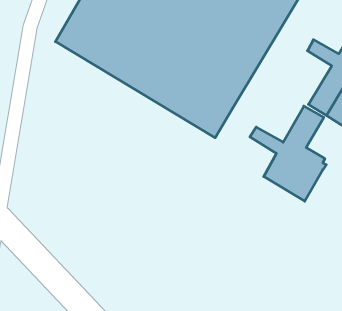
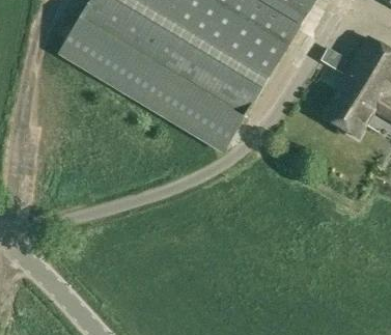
building: [250,106,326,201] -> none

